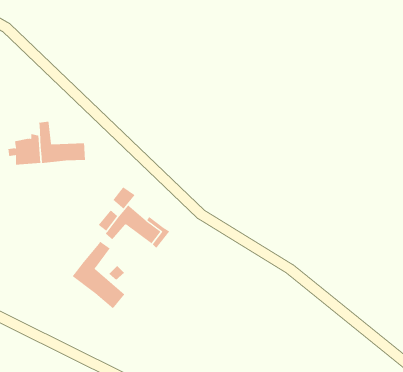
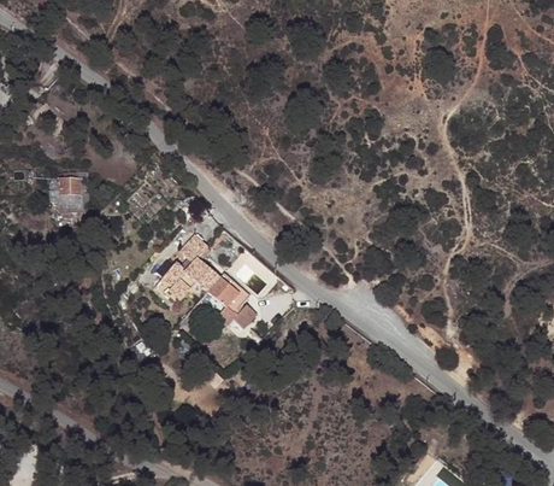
building: [39,121,86,164] -> none
building: [72,241,125,309] -> none

